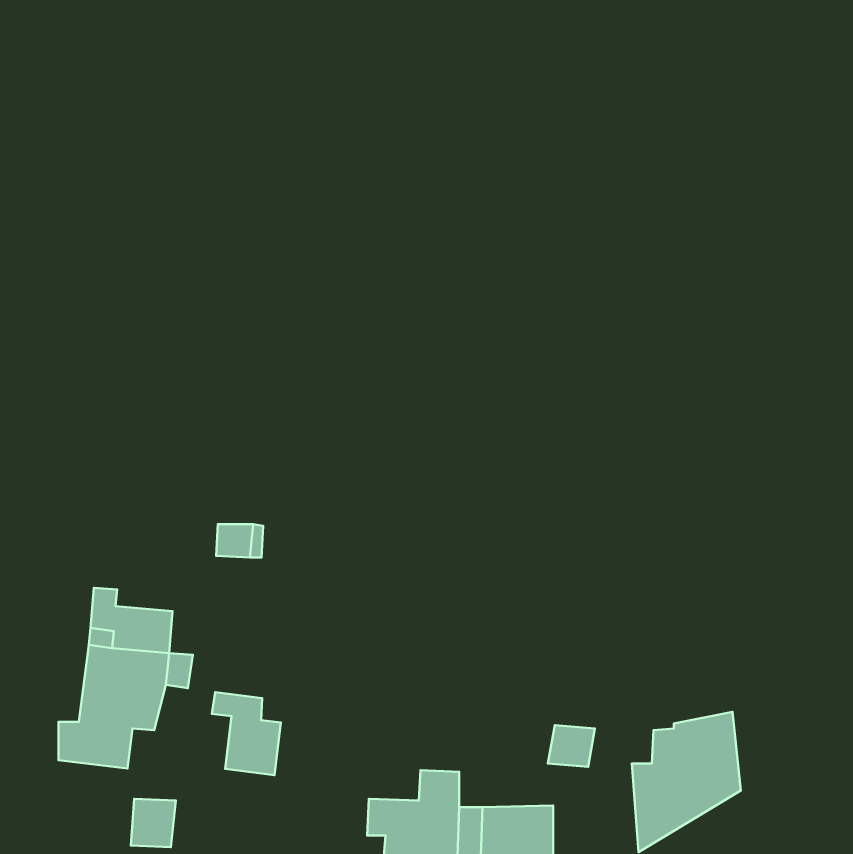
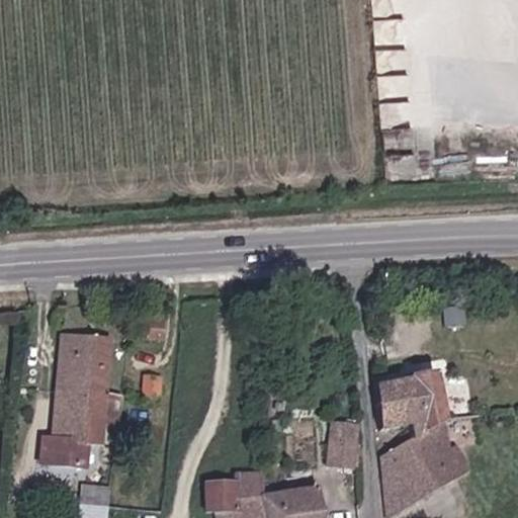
building: none -> [59,340,109,370]
building: none -> [379,382,444,438]
building: [212,692,281,775] -> none

